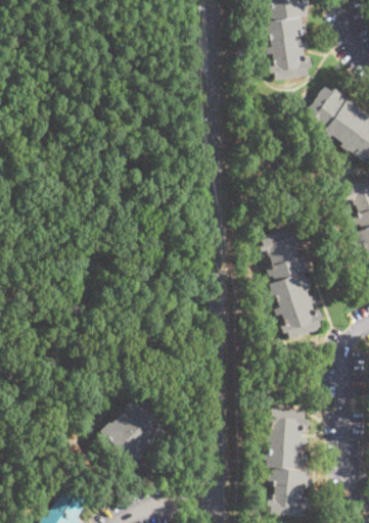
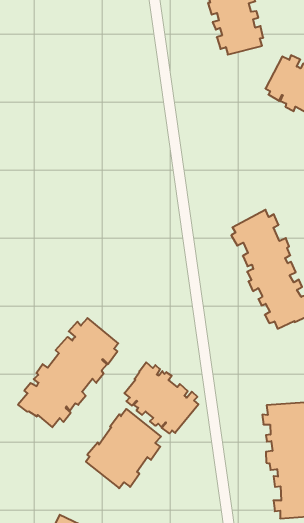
building: none -> [18,318,118,427]
building: none -> [124,362,198,433]

